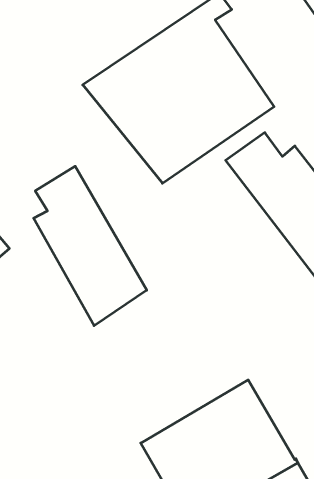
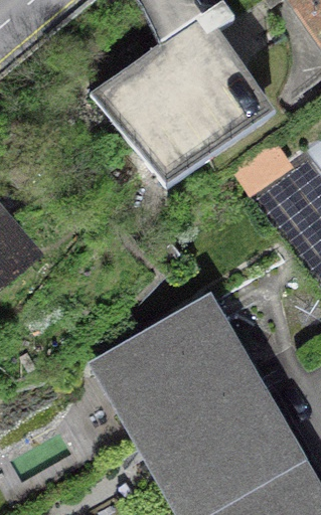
building: [34,166,147,326] -> none
building: none -> [102,299,252,439]

